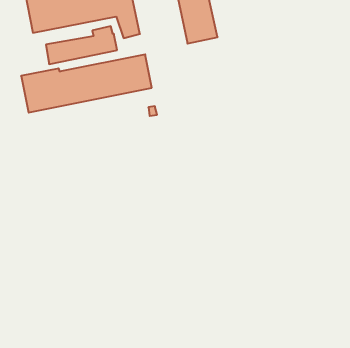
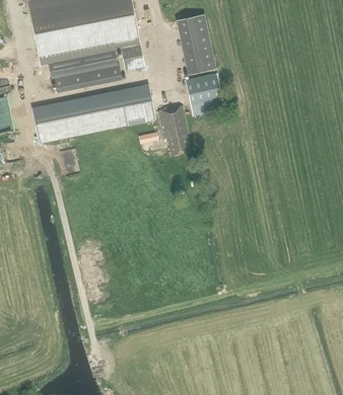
building: none -> [185,72,224,114]
building: none -> [157,105,189,154]

